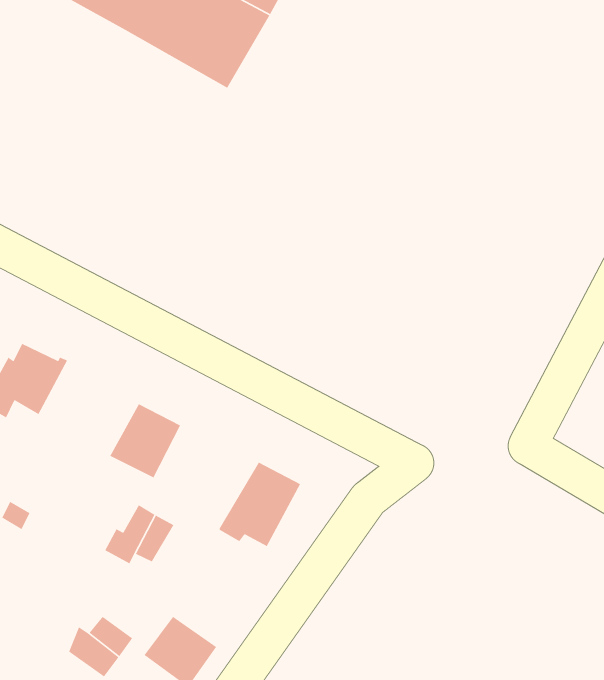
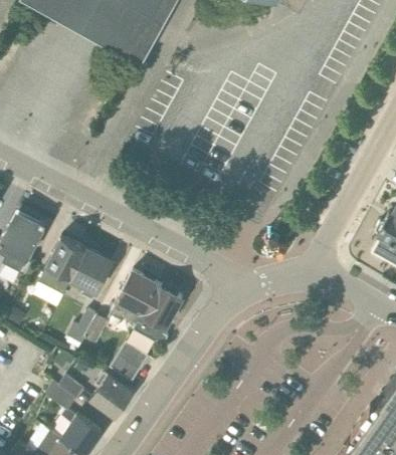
building: none -> [39,237,87,294]
building: none -> [112,271,158,323]
building: none -> [112,339,153,381]

